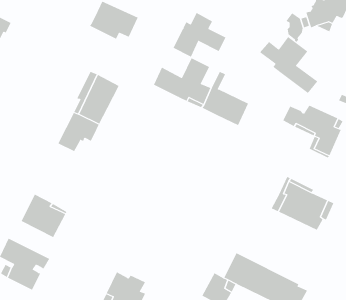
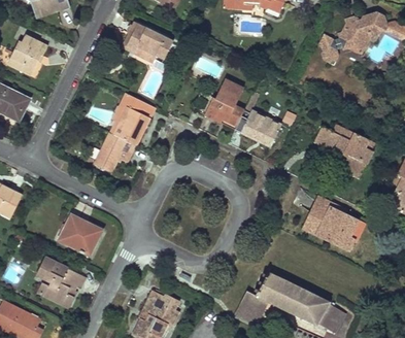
building: [173,12,226,57] -> none
building: [259,36,318,94] -> none

